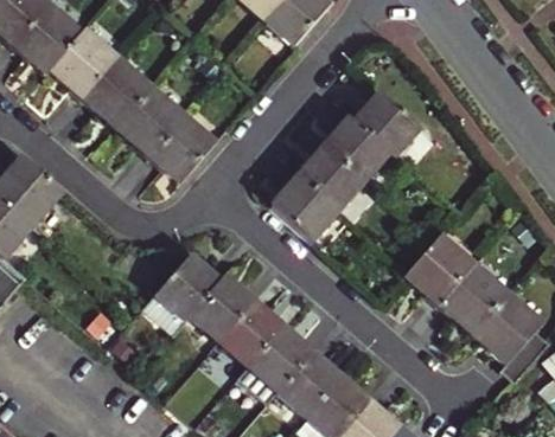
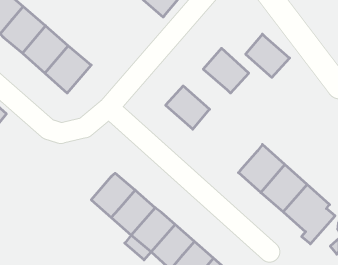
building: [151,117,216,184] -> none
building: [323,118,388,182] -> [246,34,290,77]
building: [270,176,337,240] -> none
building: [140,257,216,336] -> none

